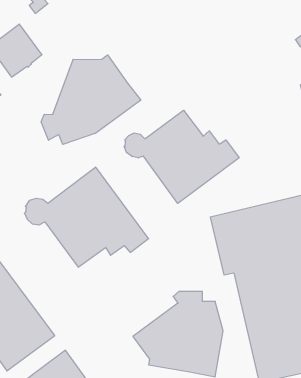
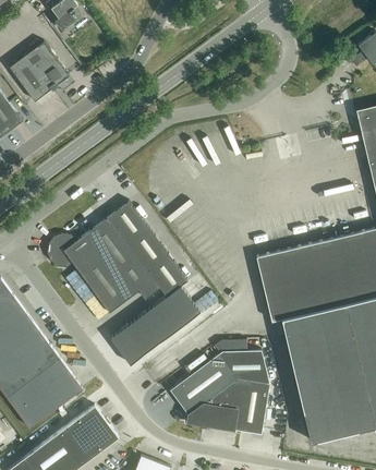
building: [41,55,141,144] -> none
building: [124,110,239,203] -> none
building: none -> [110,287,201,365]

